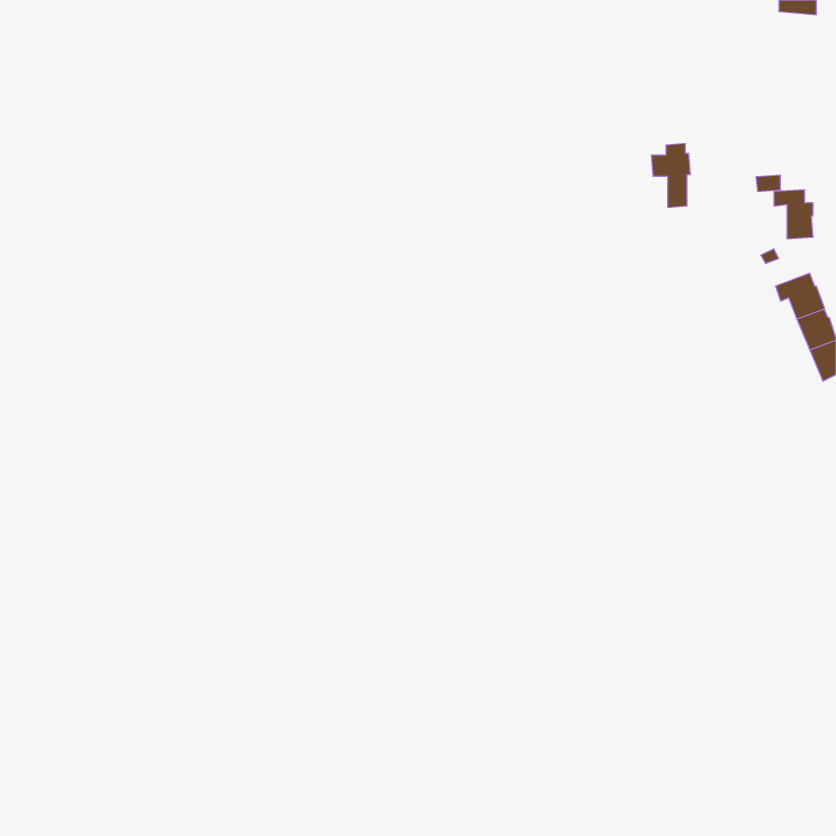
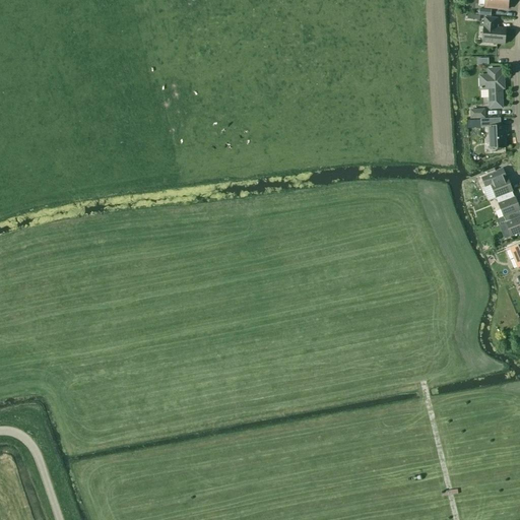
building: none -> [481,17,505,45]
building: [651,144,690,207] -> [478,69,503,109]

